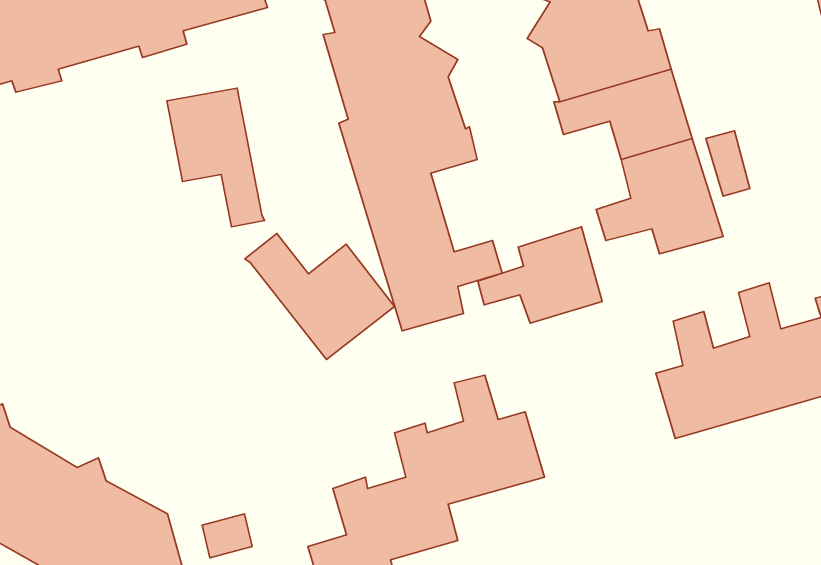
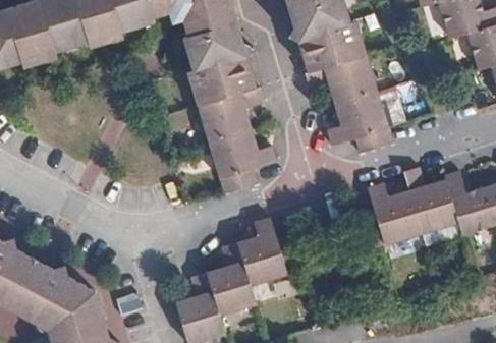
building: [167,88,264,227] -> none
building: [478,227,602,323] -> none
building: [245,234,395,359] -> none

